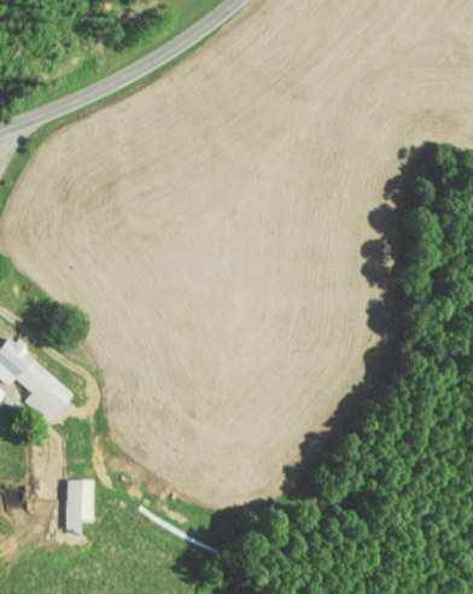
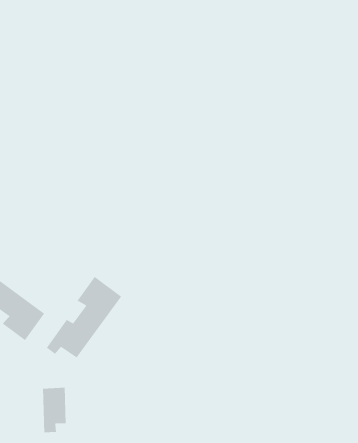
building: none -> [46,276,122,359]

